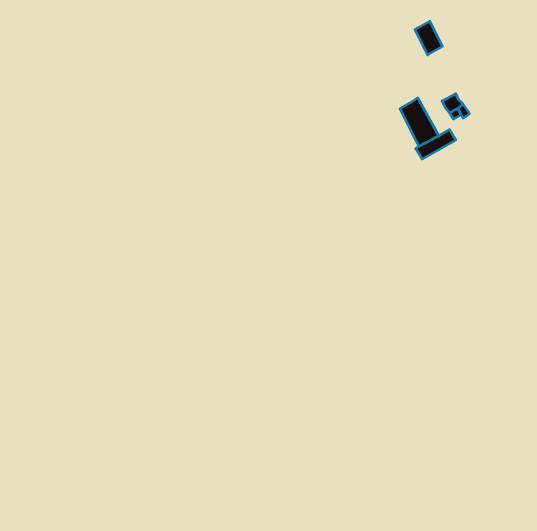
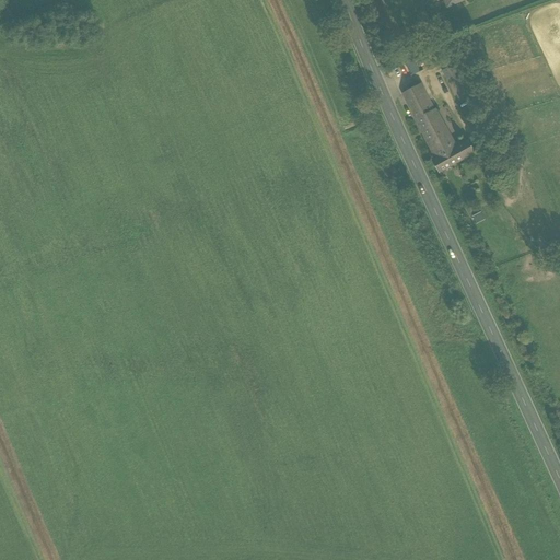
building: [415,21,442,55] -> [401,78,430,113]

